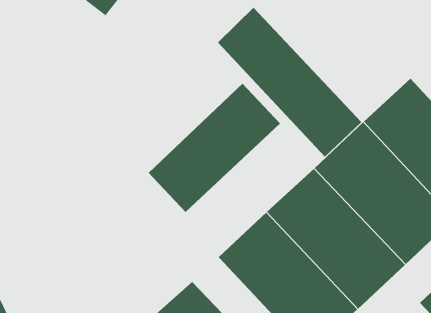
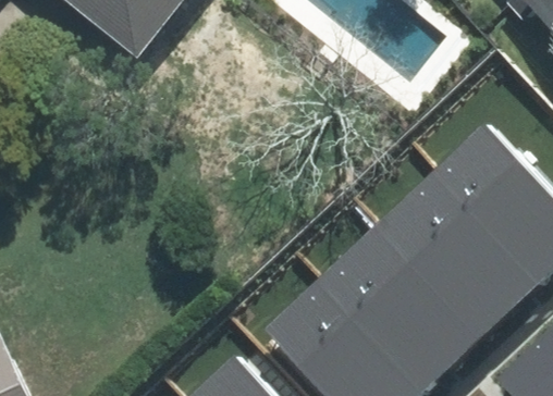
building: [217,7,362,157] -> none
building: [148,83,281,213] -> none

